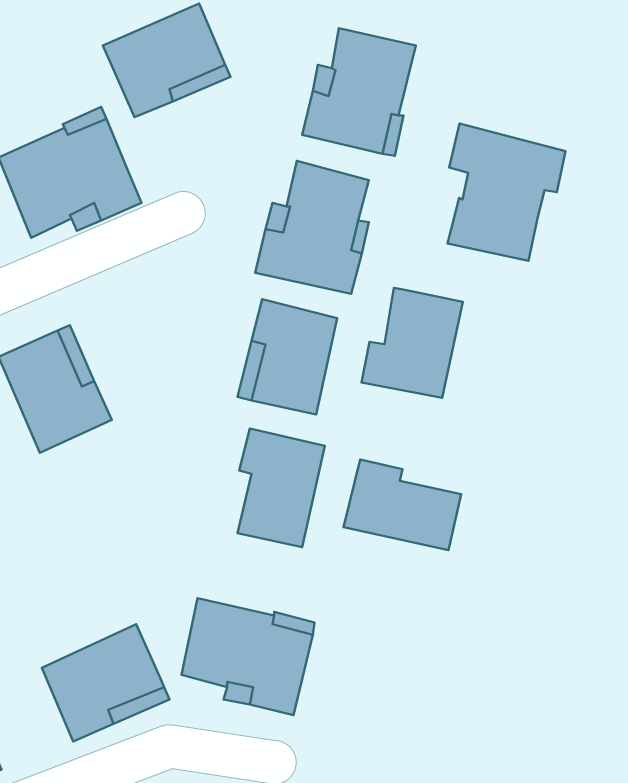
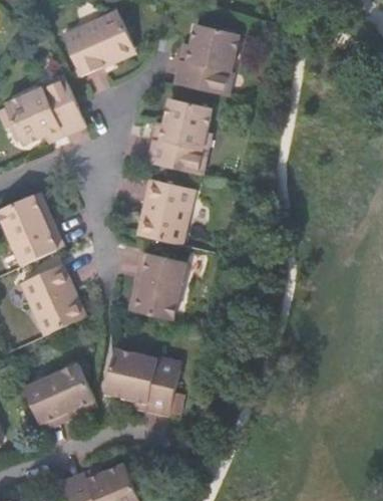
building: [448,124,566,261] -> none
building: [362,288,463,398] -> none
building: none -> [22,266,79,336]
building: [343,459,461,550] -> none

